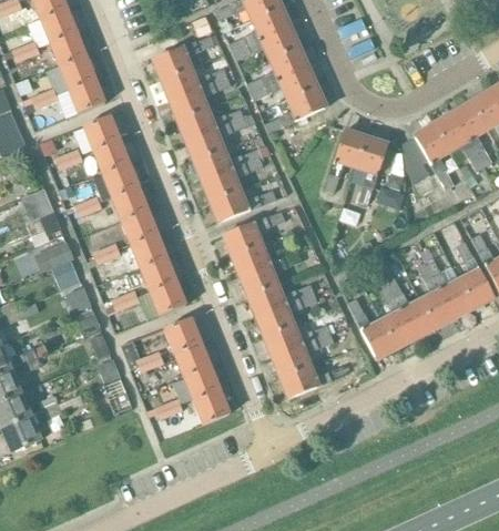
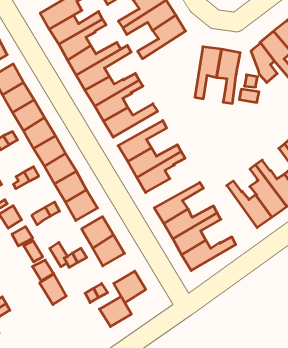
building: [247,283,315,315] -> none
building: [182,365,220,399] -> [99,297,131,327]

